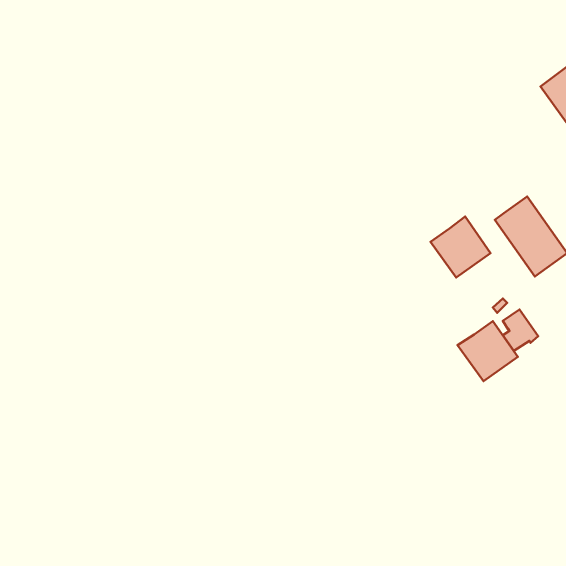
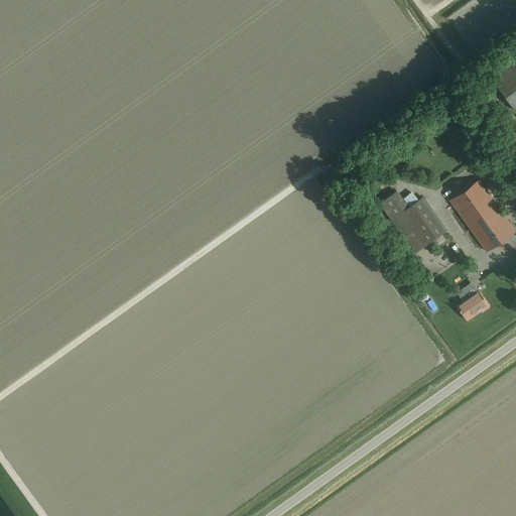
building: none -> [380,191,409,221]
building: [458,321,518,381] -> none

